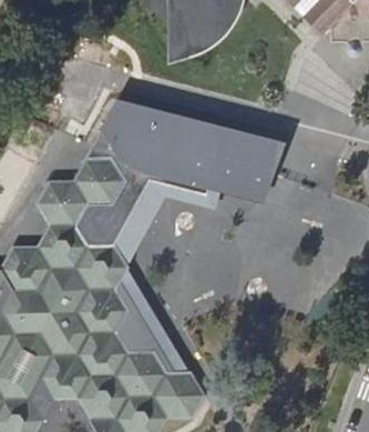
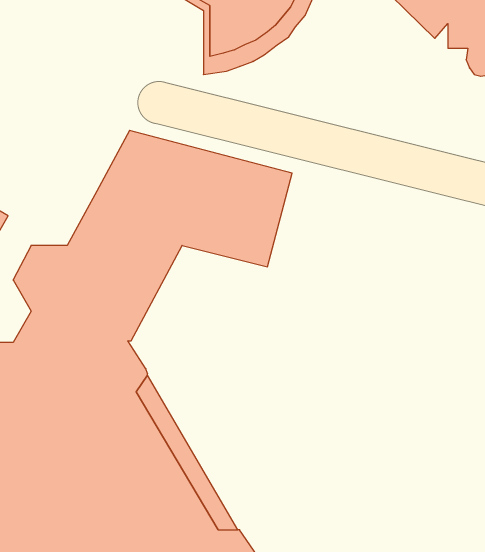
building: [116,132,287,264] -> none

